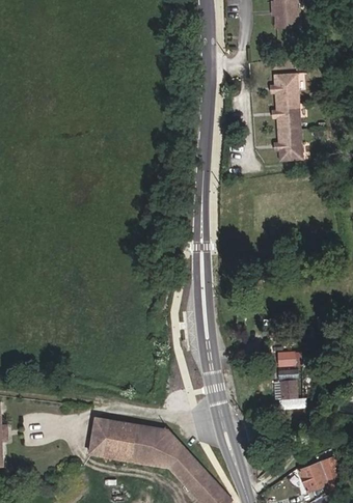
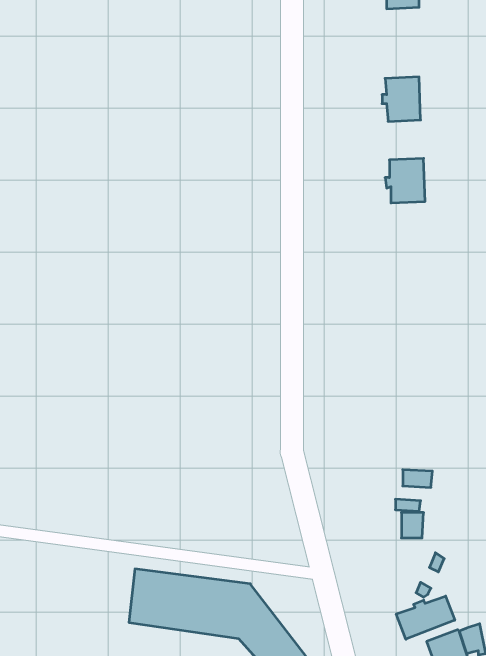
building: [270,105,298,133] -> none
building: none -> [396,596,455,639]

